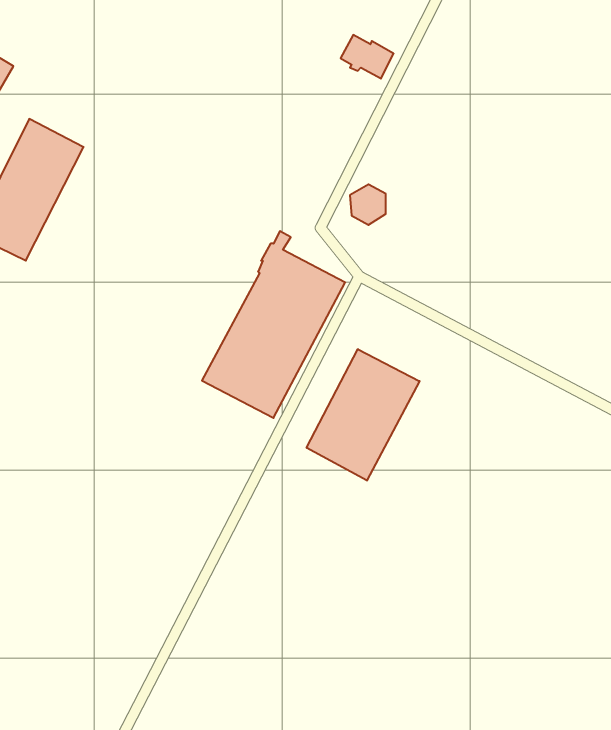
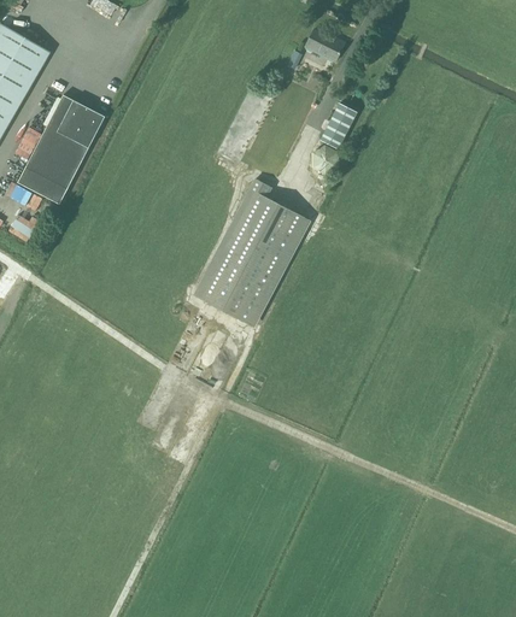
building: none -> [321,104,356,148]
building: [307,349,420,481] -> none

